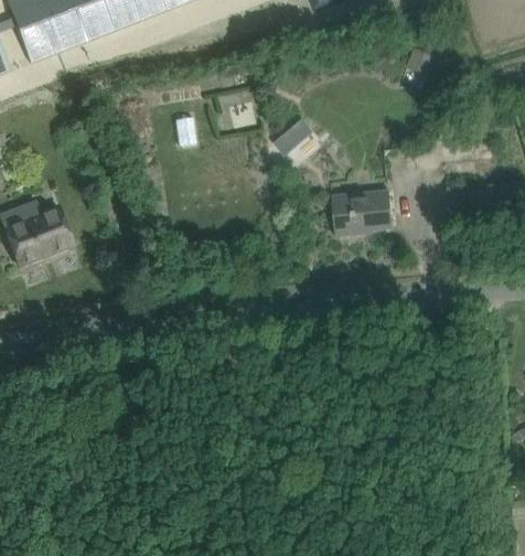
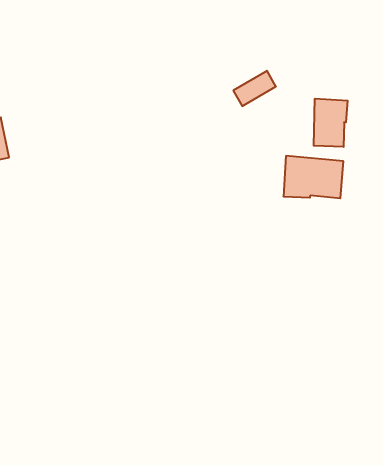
building: none -> [314,99,348,147]

